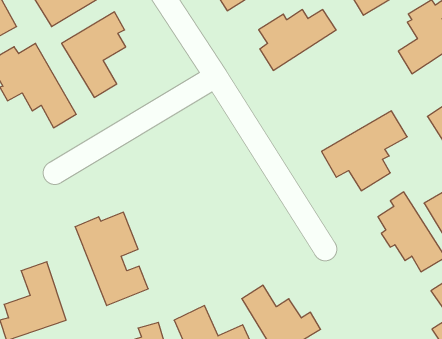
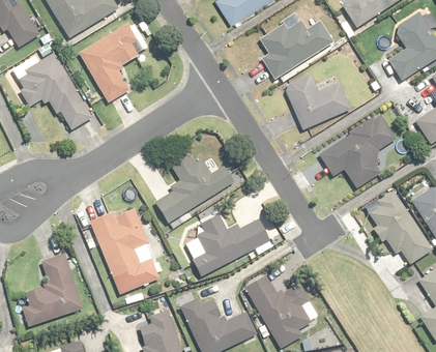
building: none -> [284,74,351,128]
building: none -> [155,157,231,222]
building: none -> [185,214,271,275]

